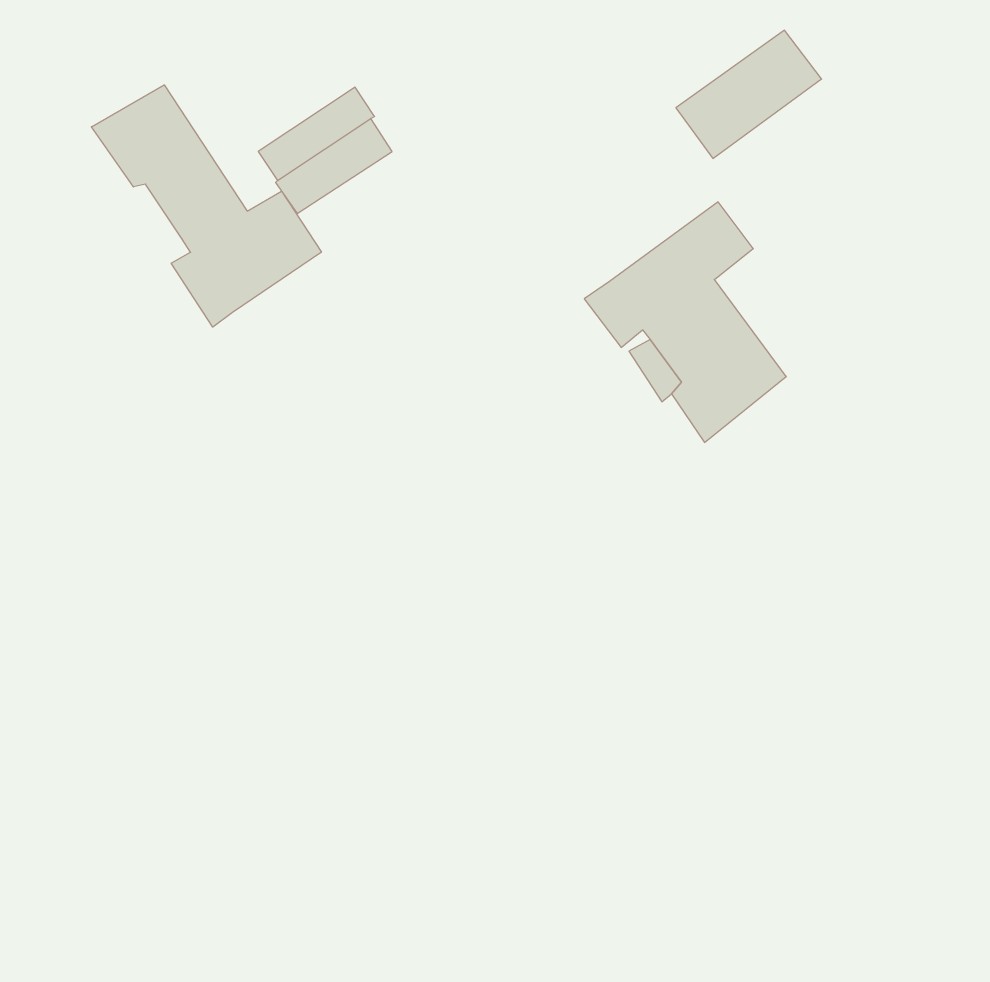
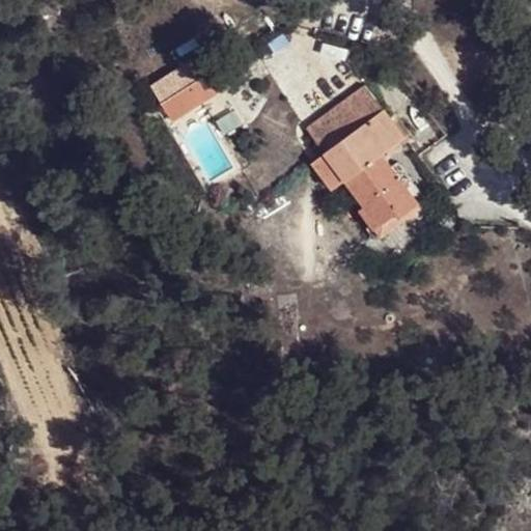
building: [676,30,822,158] -> [307,87,385,156]
building: [91,85,321,327] -> none

